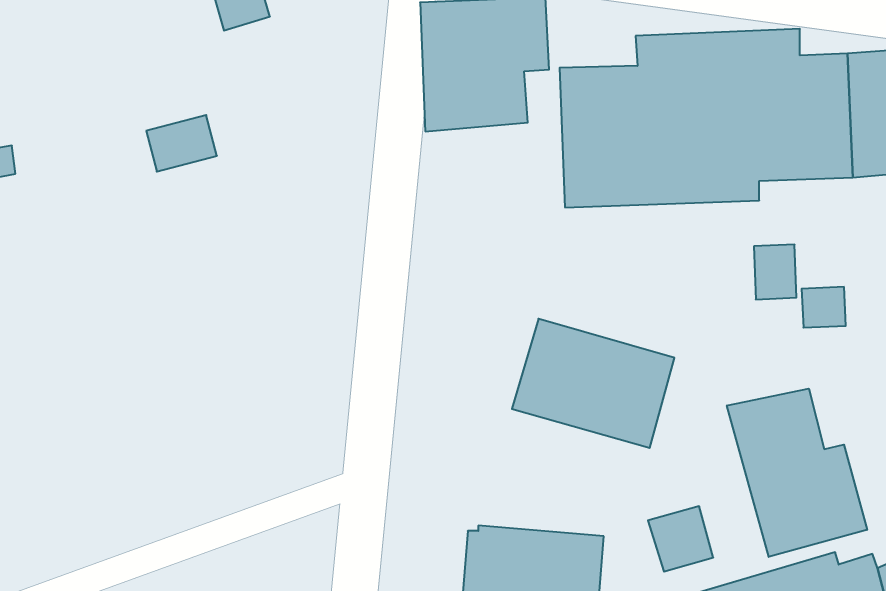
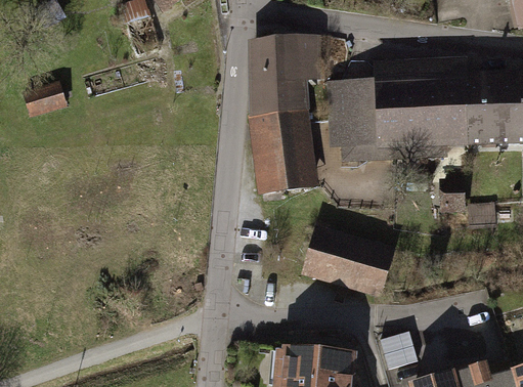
building: [146,115,217,172] -> [26,87,67,120]
building: none -> [251,111,317,192]
building: [727,389,867,557] -> none

